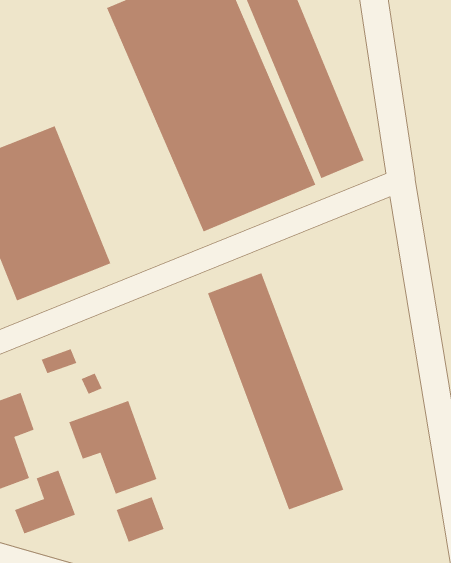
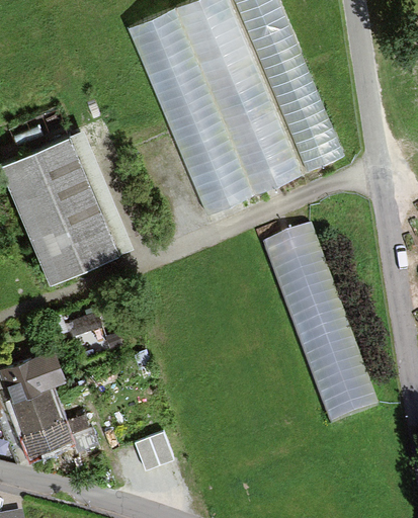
building: [207,273,344,510] -> [264,228,379,426]
building: [68,400,157,495] -> none

